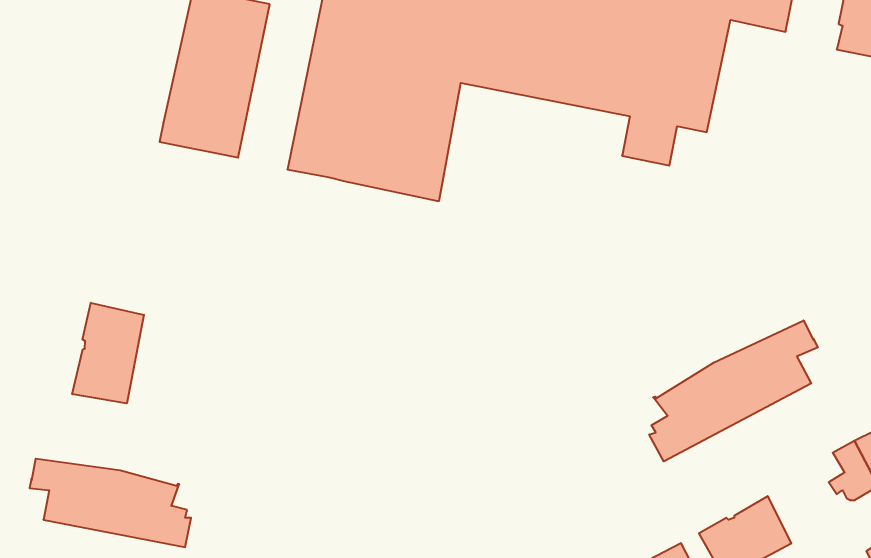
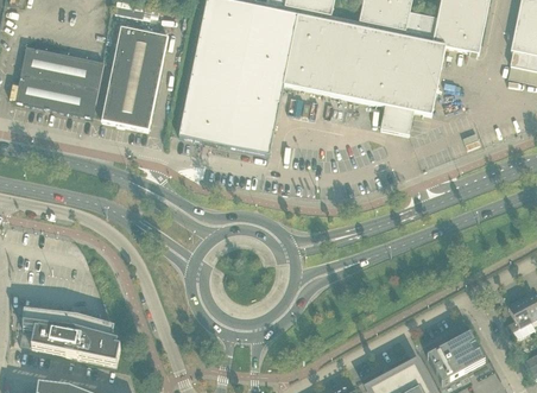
building: none -> [14,44,103,115]
building: [72,303,144,403] -> none
building: [649,320,818,461] -> none

